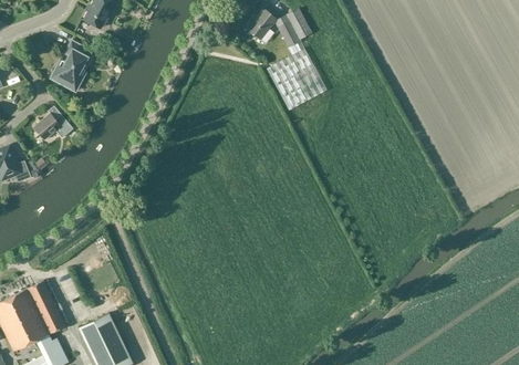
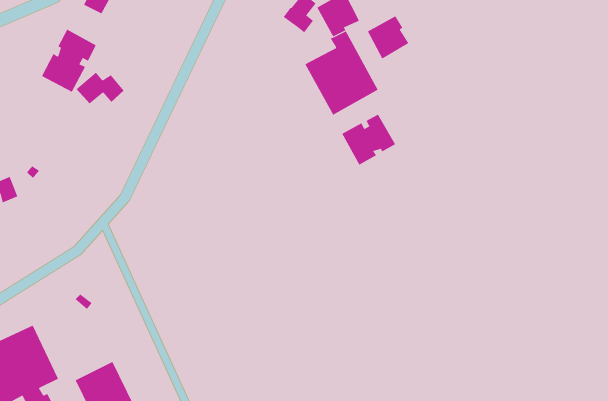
building: none -> [367,16,409,60]
building: none -> [342,114,396,166]
building: [33,113,73,139] -> [76,72,125,104]

